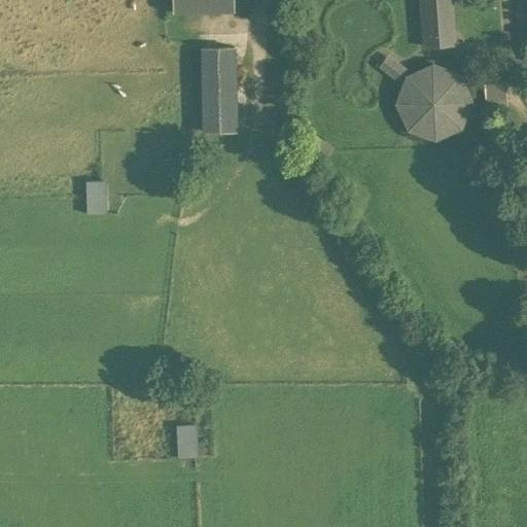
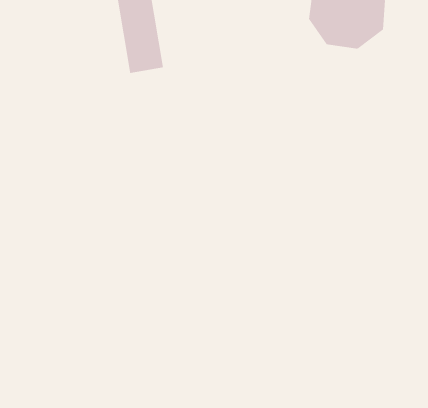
building: [85,182,108,218] -> none
building: [176,425,199,462] -> none

